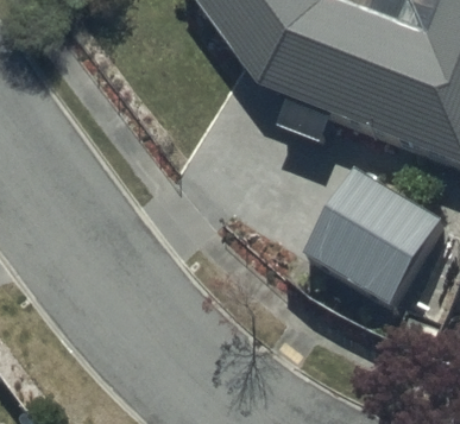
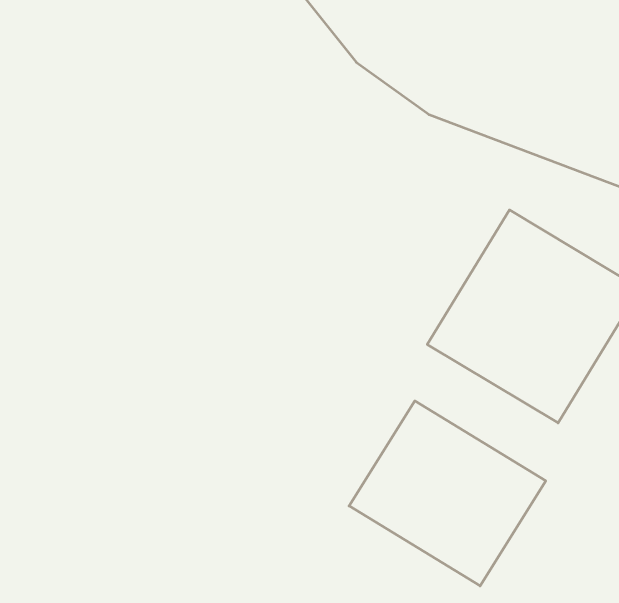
building: none -> [349,401,546,586]

